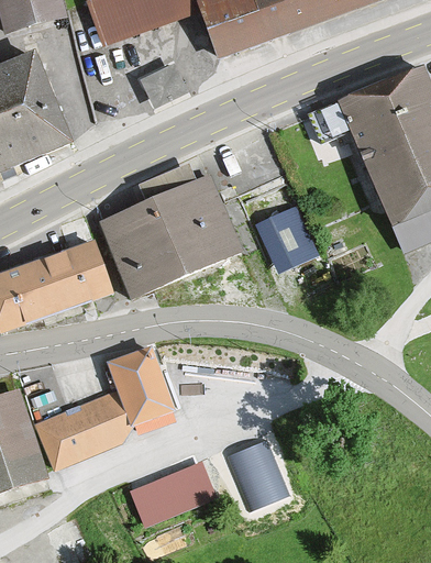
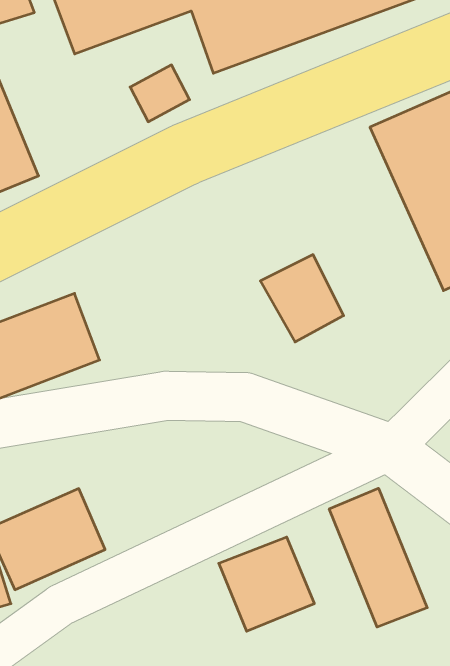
building: [96,175,243,299] -> none
building: [107,345,175,427] -> none
building: none -> [329,488,427,627]
building: [126,457,212,527] -> none

